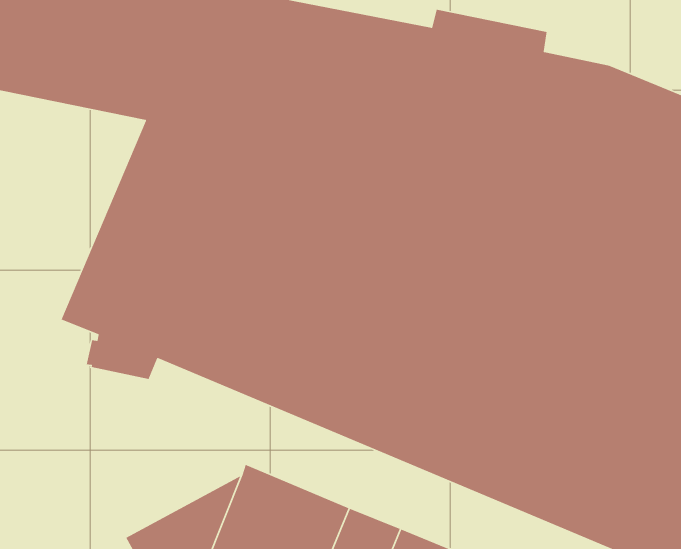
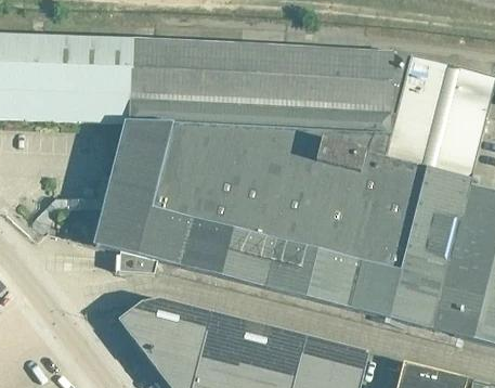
building: none -> [117,298,216,365]

